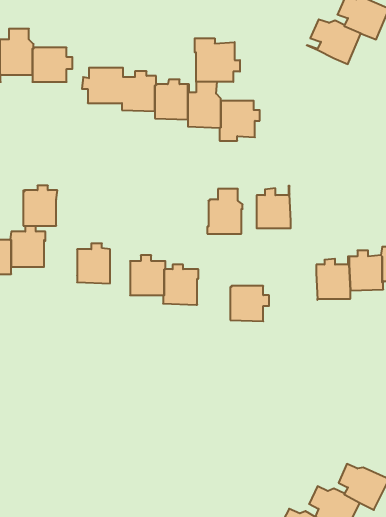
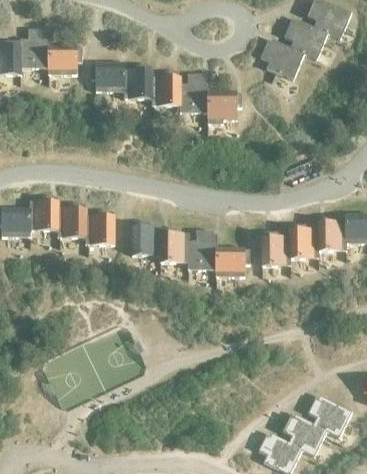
building: [195,38,240,82] -> none
building: none -> [260,40,304,78]
building: [23,186,57,226] -> [58,203,87,237]
building: [257,186,291,228] -> [261,228,290,264]
building: [207,189,243,234] -> [187,230,217,268]

